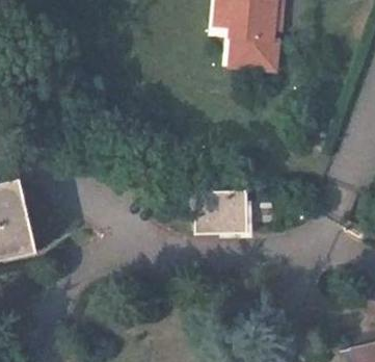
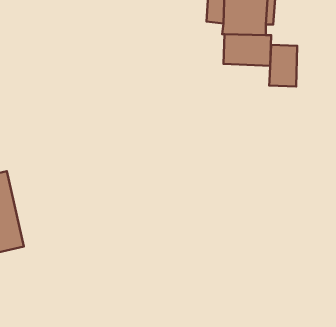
building: none -> [269,45,297,87]
building: [197,189,250,232] -> none

